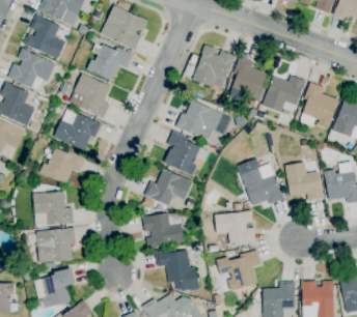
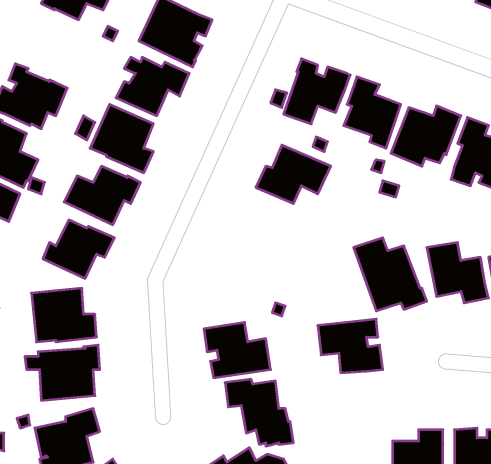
building: [24,15,65,60] -> none
building: [164,132,209,176] -> none
building: [144,169,192,207] -> none
building: [216,251,262,291] -> none

